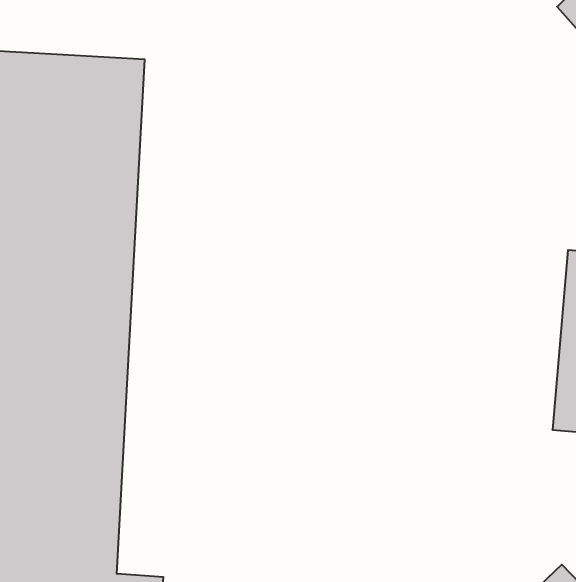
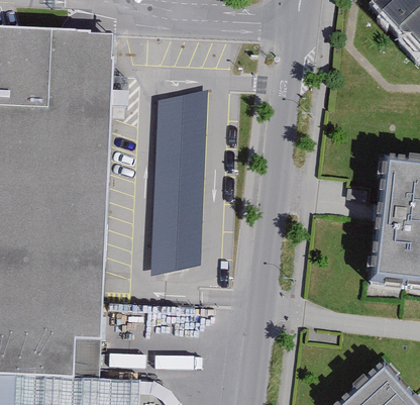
building: none -> [152,89,209,266]

